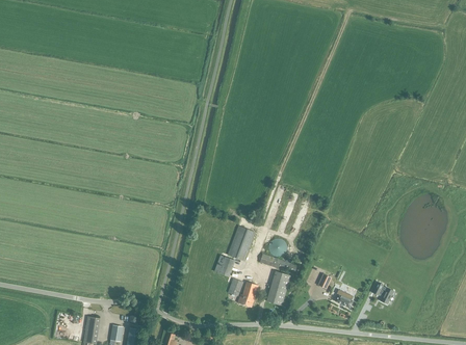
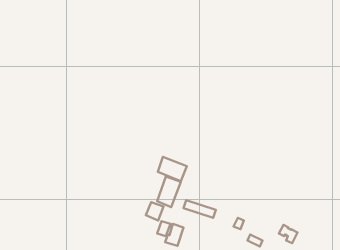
building: none -> [158,157,187,181]
building: [265,270,290,306] -> none

